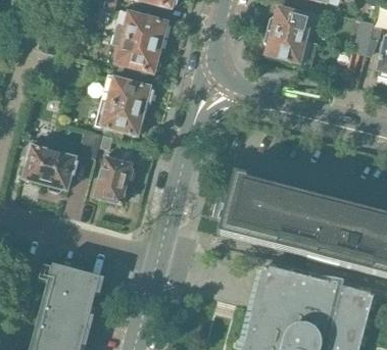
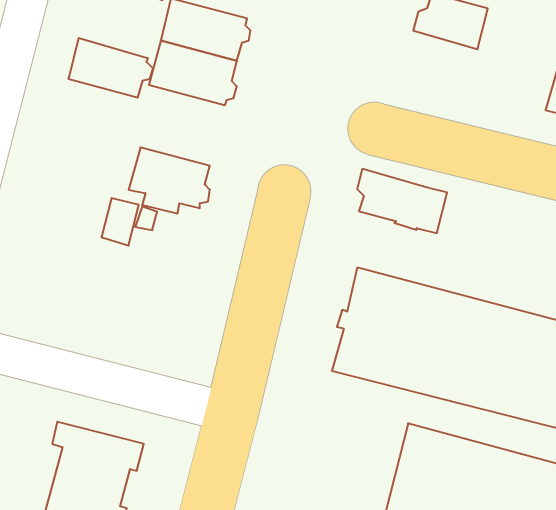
building: [263,26,318,64] -> [357,169,447,233]
building: [102,71,153,107] -> [68,38,153,97]
building: [22,136,77,186] -> none
building: [94,151,132,200] -> none

